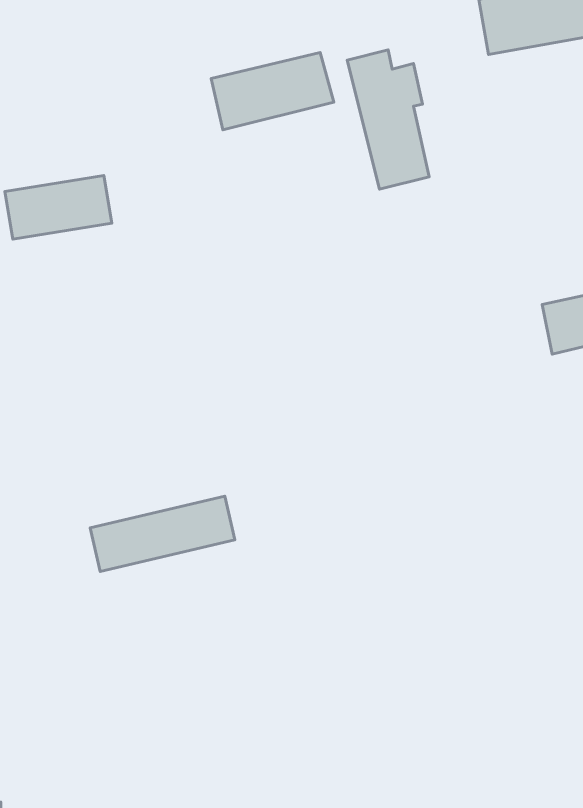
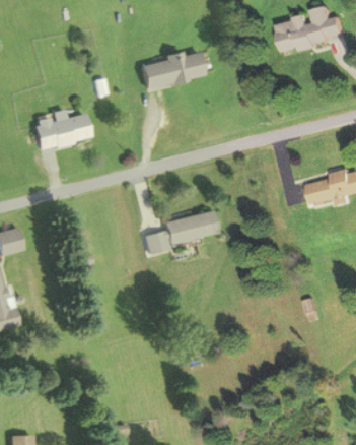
building: [347,50,429,189] -> none
building: [90,496,235,571] -> [144,211,218,250]

